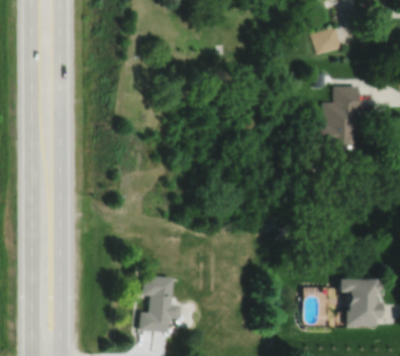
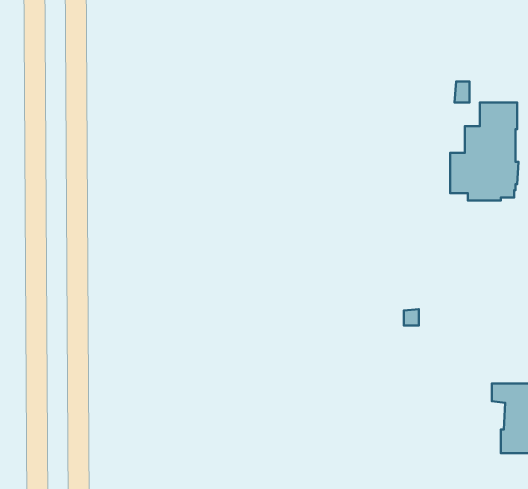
building: [315,27,344,54] -> none
building: [138,273,179,332] -> none

